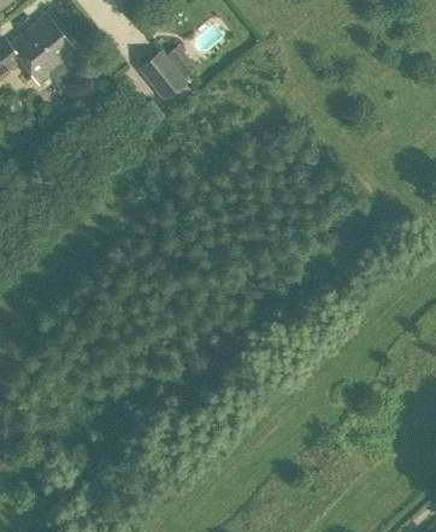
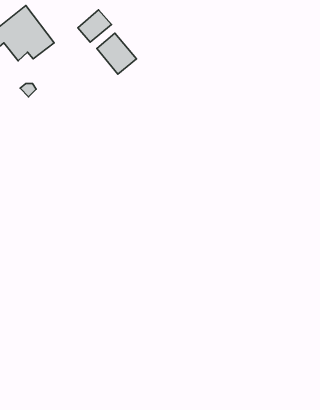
building: none -> [78,10,111,42]

